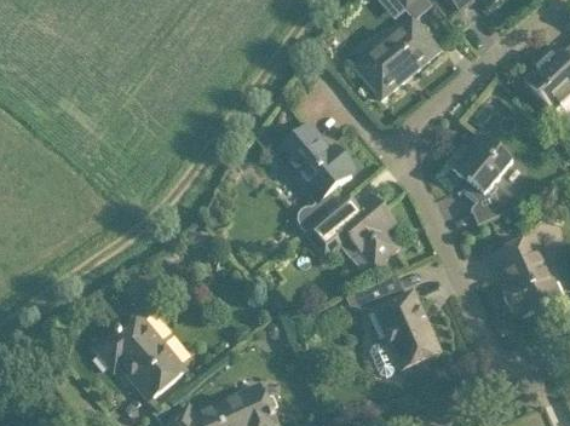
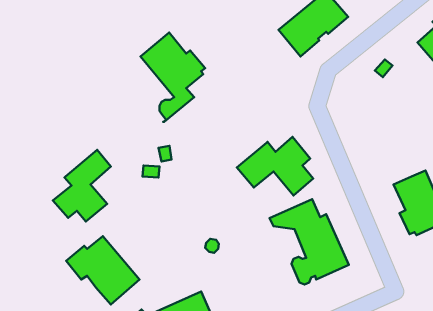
building: [275,123,353,232] -> [141,33,205,122]
building: [451,133,523,224] -> none
building: none -> [53,150,111,222]

